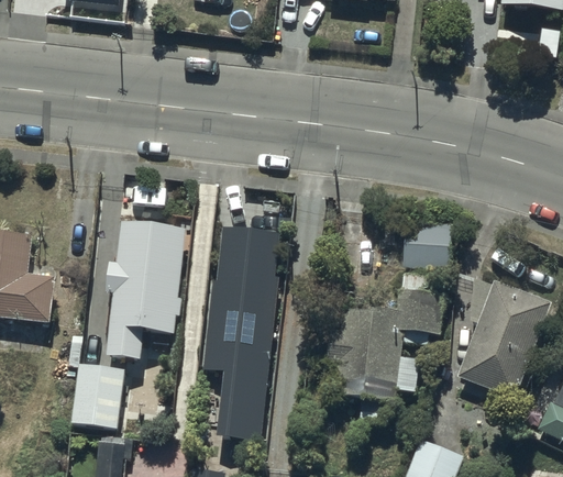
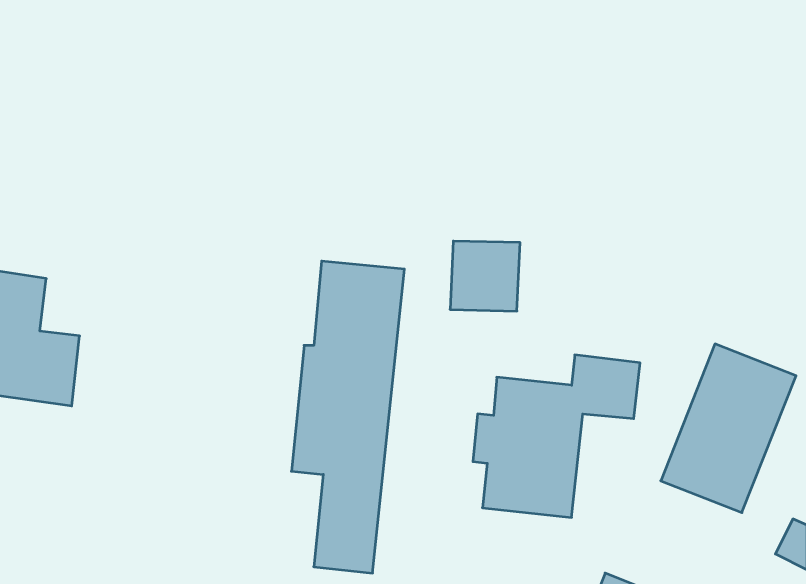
building: [108,222,186,358] -> none
building: [404,222,452,270] -> [450,241,520,311]
building: [71,365,125,425] -> none

